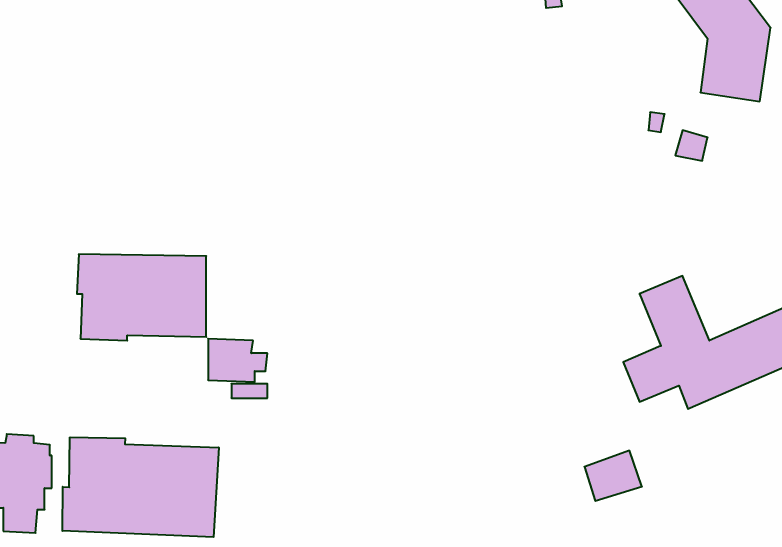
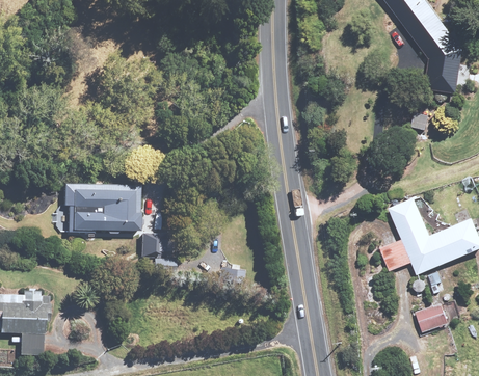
building: [62,437,219,537] -> none
building: [584,451,642,501] -> [416,302,449,331]

